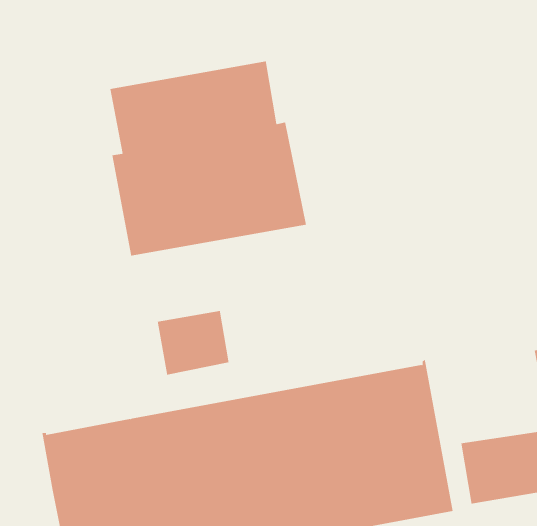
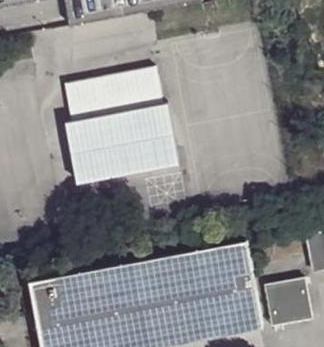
building: [157,310,229,375] -> none

